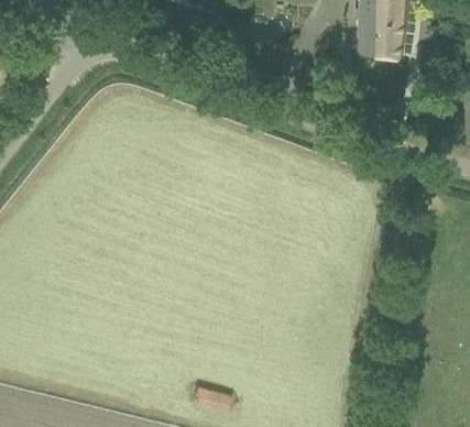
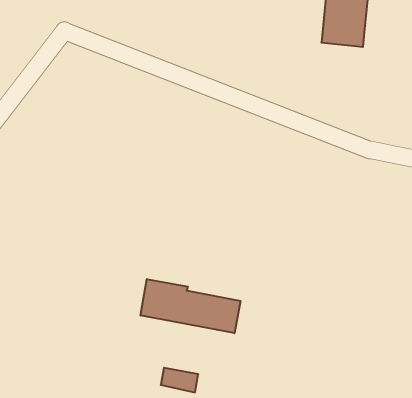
building: none -> [141,279,241,333]

